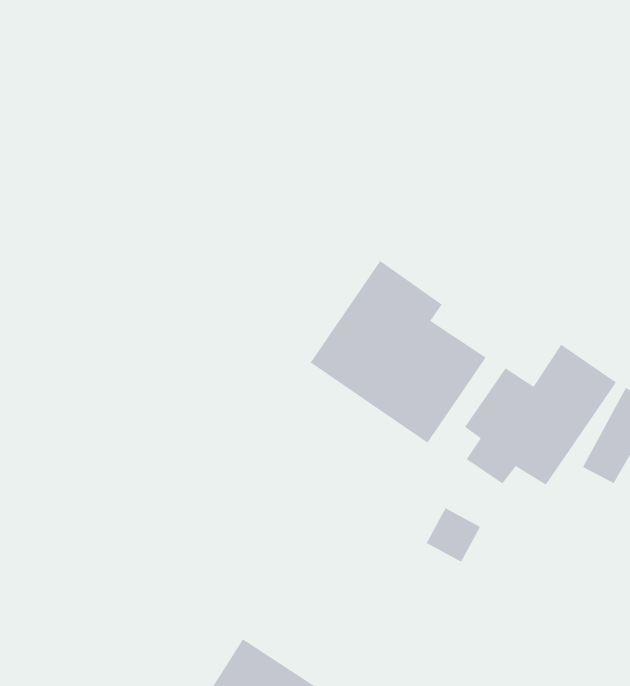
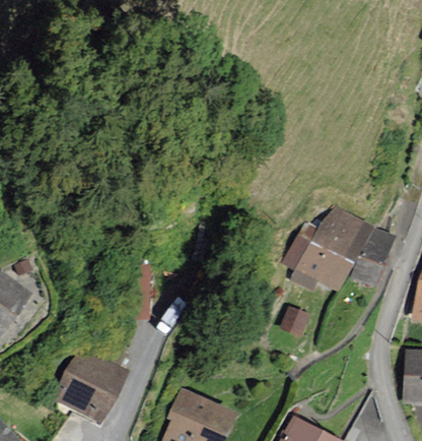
building: [310,260,487,443] -> none
building: none -> [61,351,124,419]

